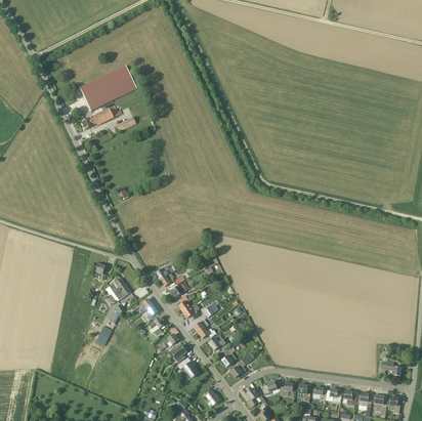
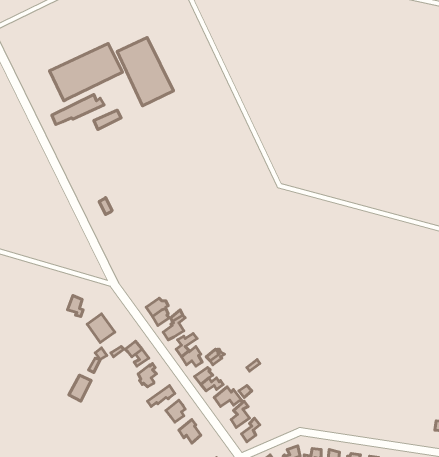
building: none -> [117,38,174,106]

